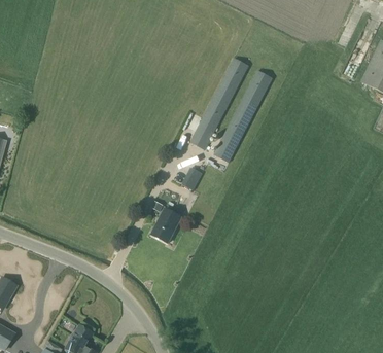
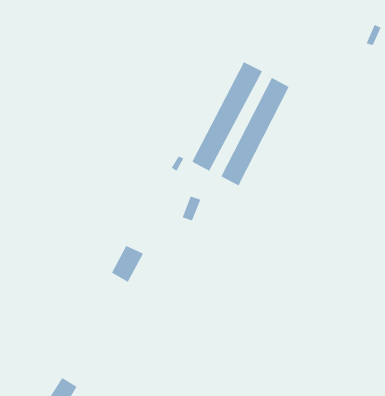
building: [153,209,181,241] -> [111,245,144,283]

